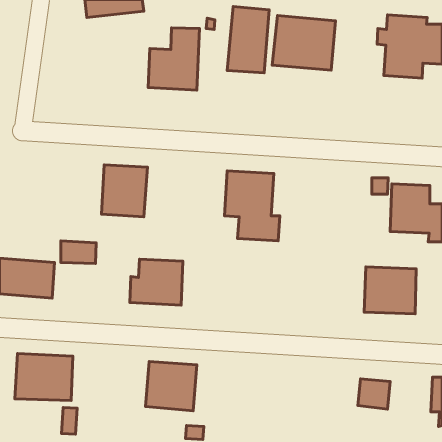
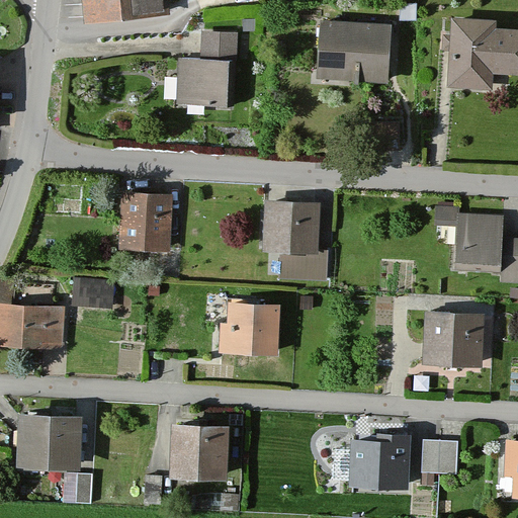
building: [227,7,269,73] -> none
building: [130,259,183,305] -> [220,301,281,355]
building: none -> [350,433,411,491]

